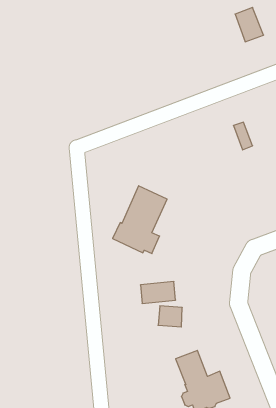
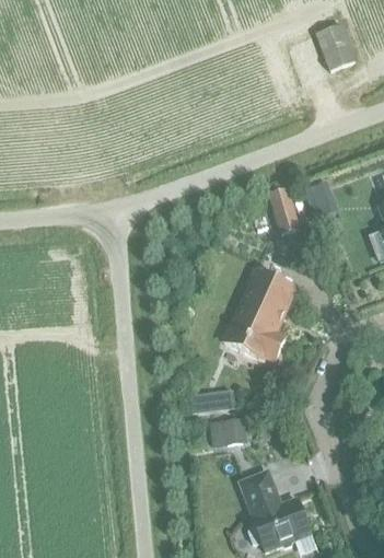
building: none -> [271,190,300,233]
building: [113,186,167,254] -> [224,271,295,360]

